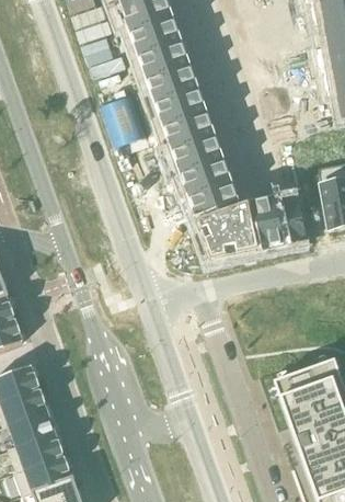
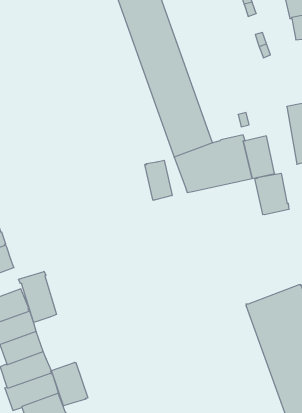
building: none -> [145,160,172,200]
building: none -> [255,173,289,215]
building: none -> [18,271,57,322]
building: none -> [52,362,88,406]

